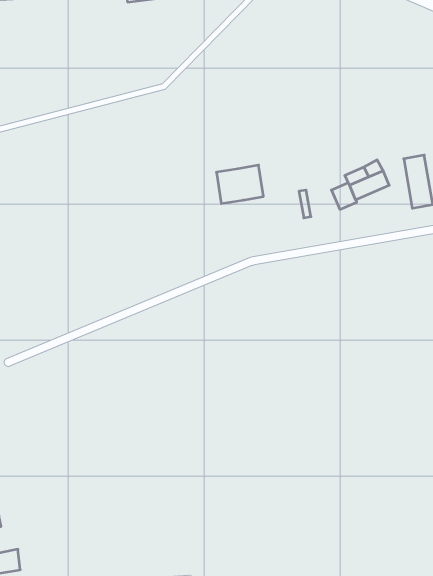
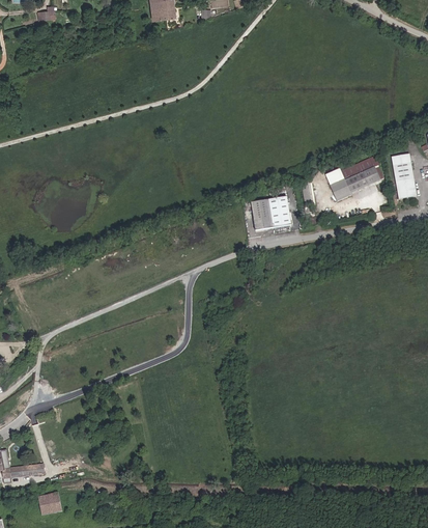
building: [216,165,263,204] -> [250,196,290,229]

